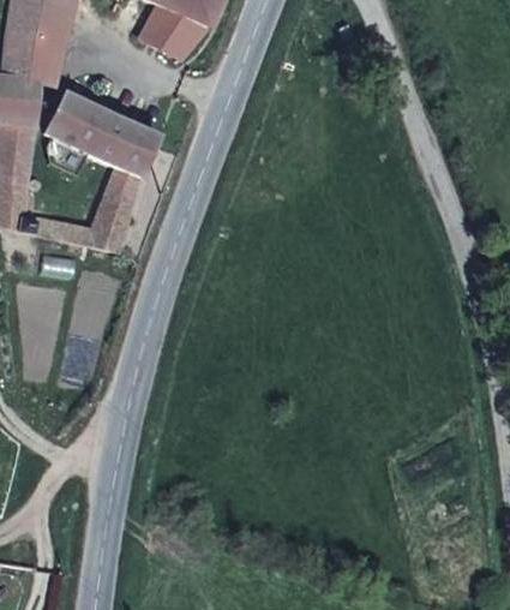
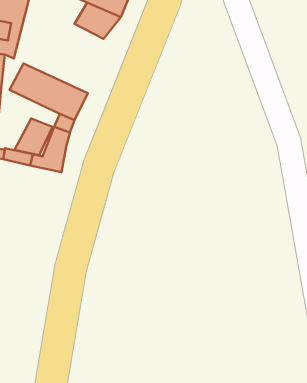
building: none -> [15,118,52,155]

